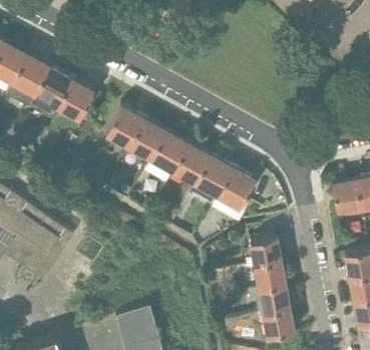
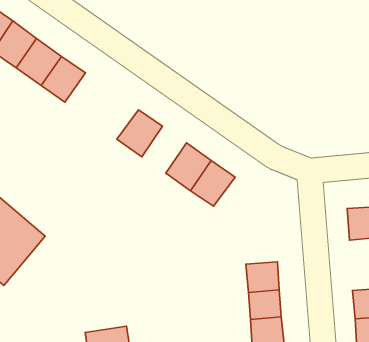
building: [104,107,142,147] -> none
building: [149,132,187,172] -> none
building: [216,169,255,210] -> none

